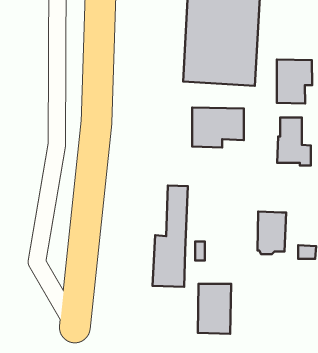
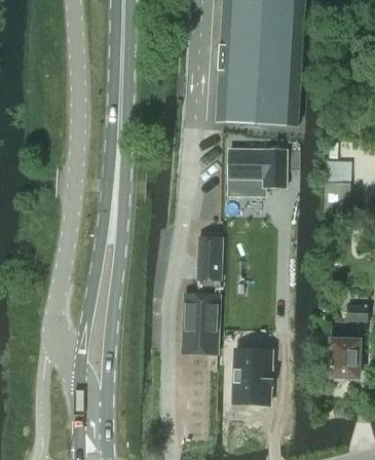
building: [277,59,312,103] -> none
building: [257,212,286,254] -> [329,331,362,379]

